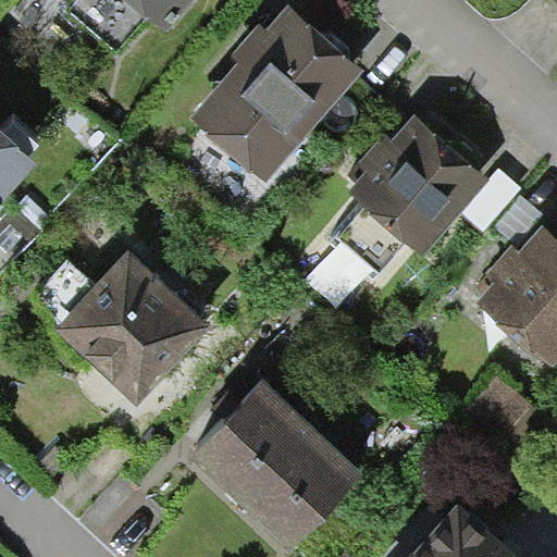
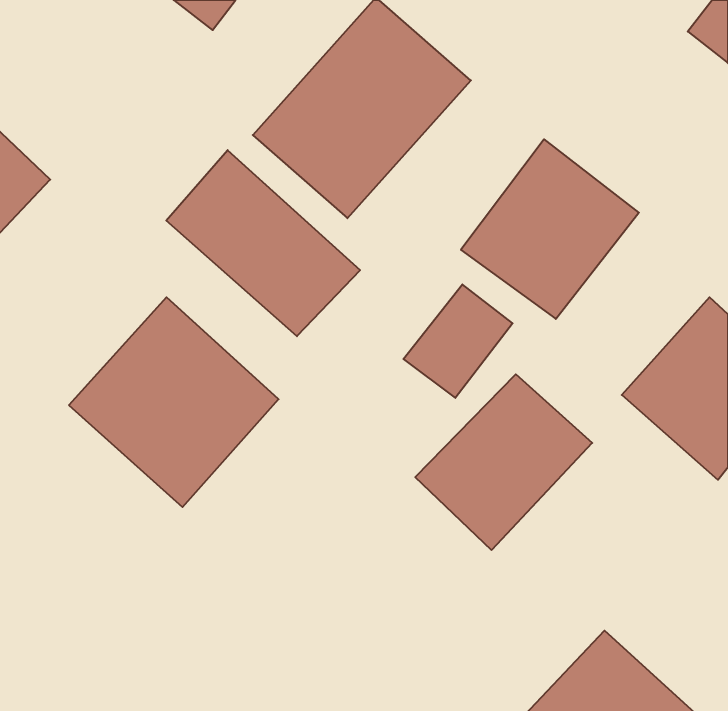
building: none -> [166,150,360,336]
building: none -> [415,374,592,550]
building: [189,374,361,544] -> none

